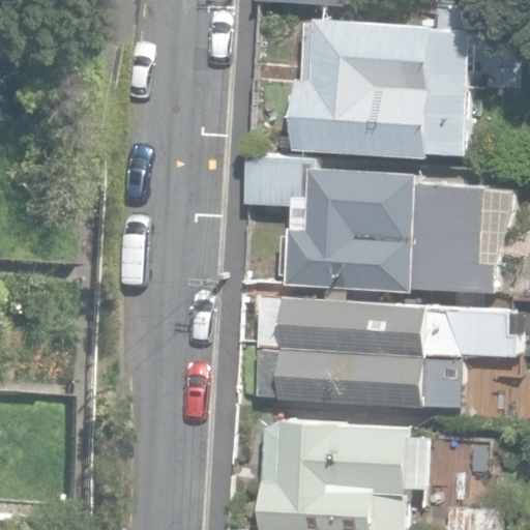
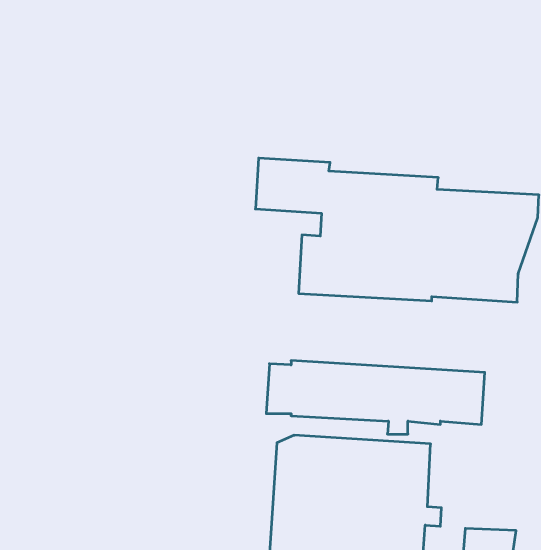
building: [292,20,469,158] -> none
building: [255,287,485,359] -> none

